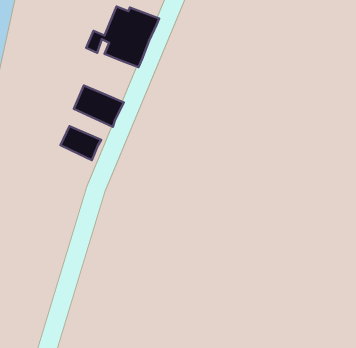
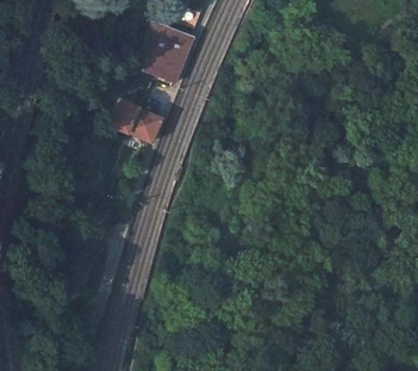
building: [61,126,101,160] -> none

